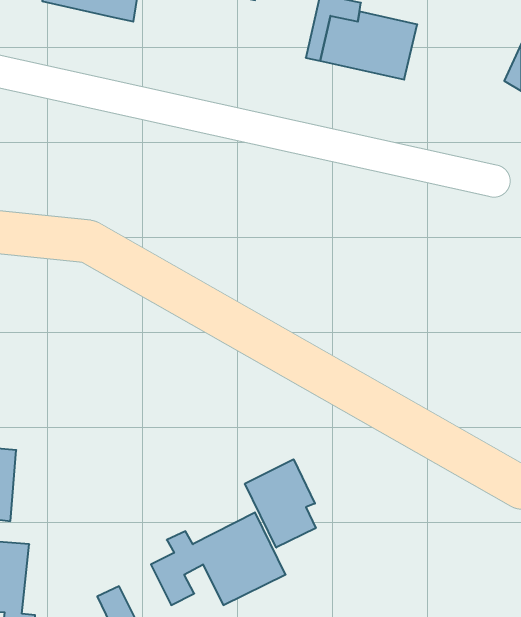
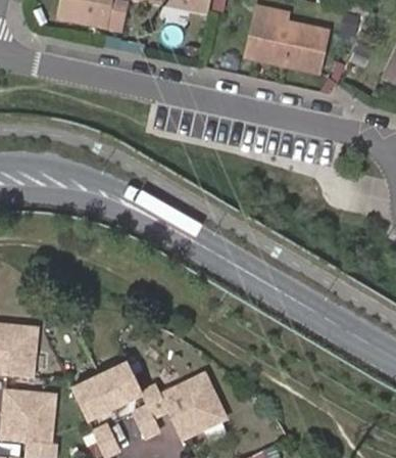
building: [245,459,316,548] -> none
building: none -> [89,362,144,412]

